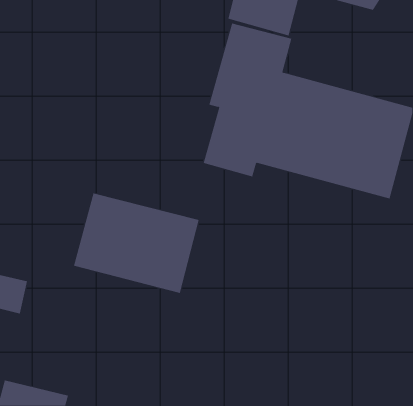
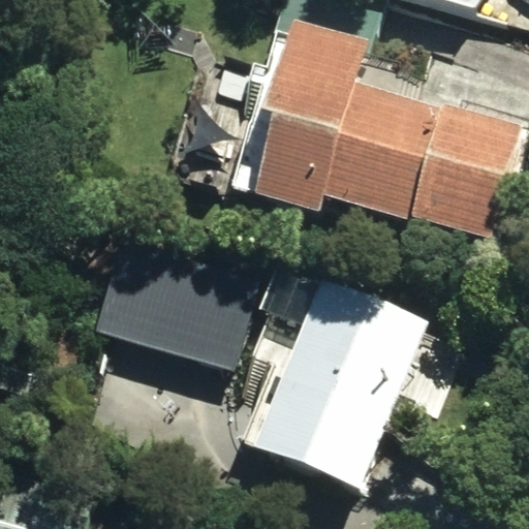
building: none -> [253,286,424,499]

